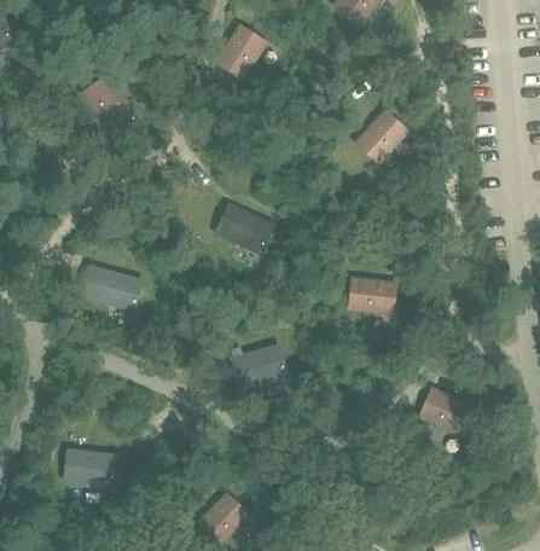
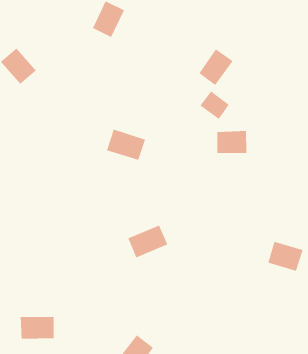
building: none -> [199,90,230,120]
building: [80,266,140,311] -> none
building: [349,278,395,313] -> [217,131,247,153]

